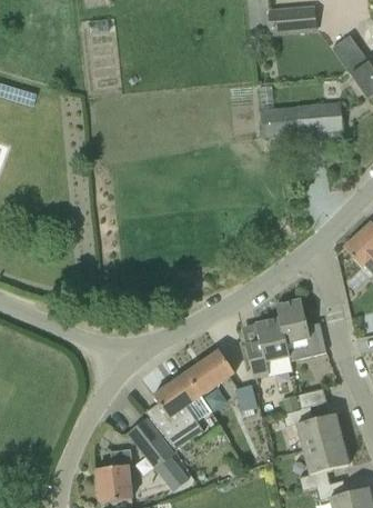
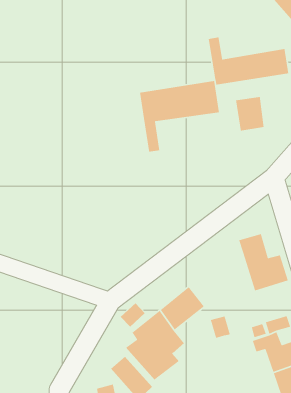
building: none -> [139,80,220,152]
building: none -> [235,96,264,132]
building: [251,316,291,375] -> none

